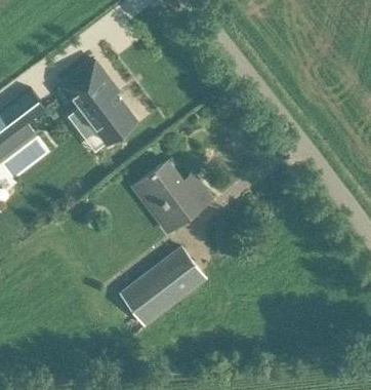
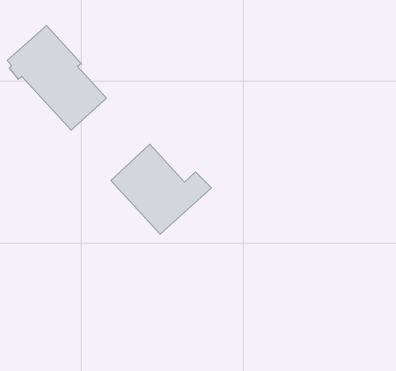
building: [119,248,206,325] -> none

